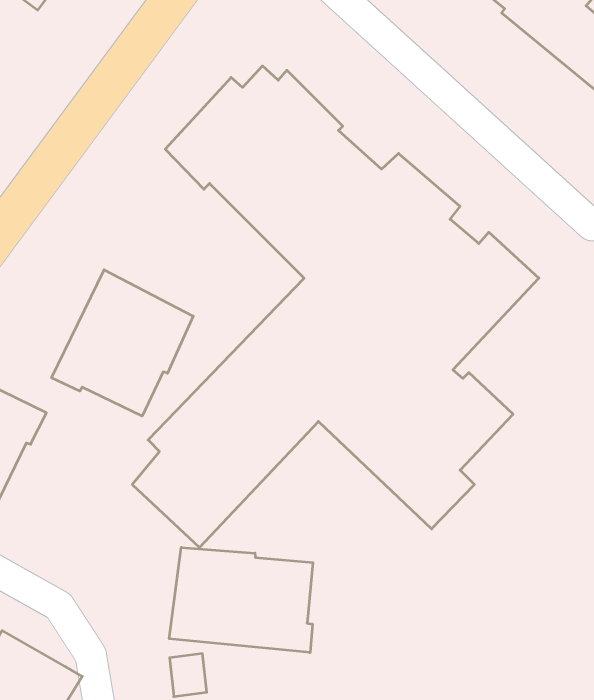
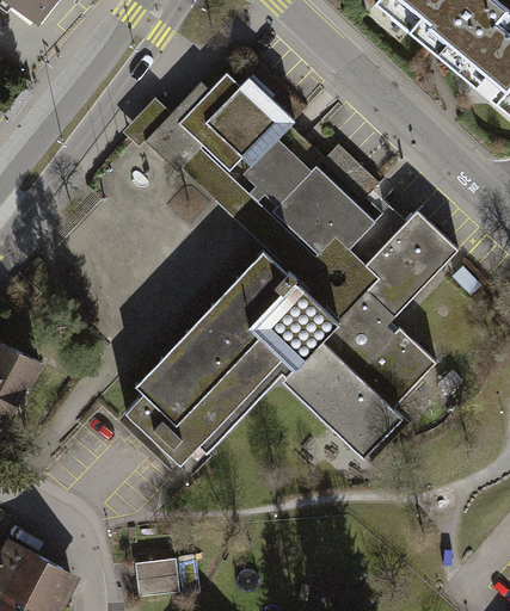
building: [52,270,193,416] -> none
building: [169,547,313,653] -> none

